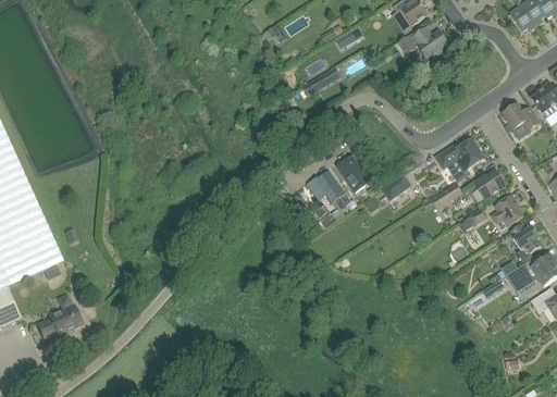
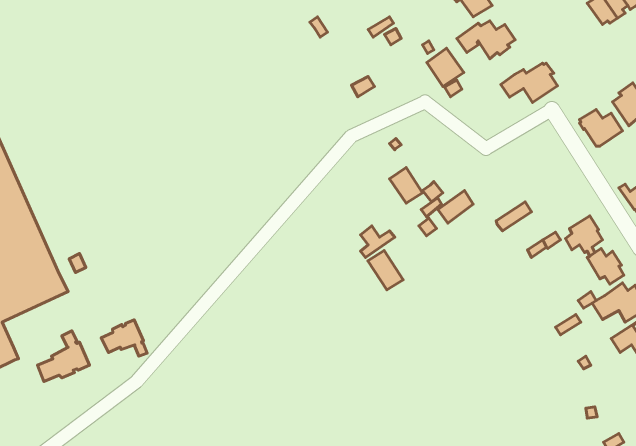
building: none -> [427,48,464,87]
building: [435,139,484,173] -> [501,63,558,102]
building: [472,170,506,200] -> none
building: [315,173,346,207] -> [368,251,403,290]
building: none -> [101,320,147,356]

